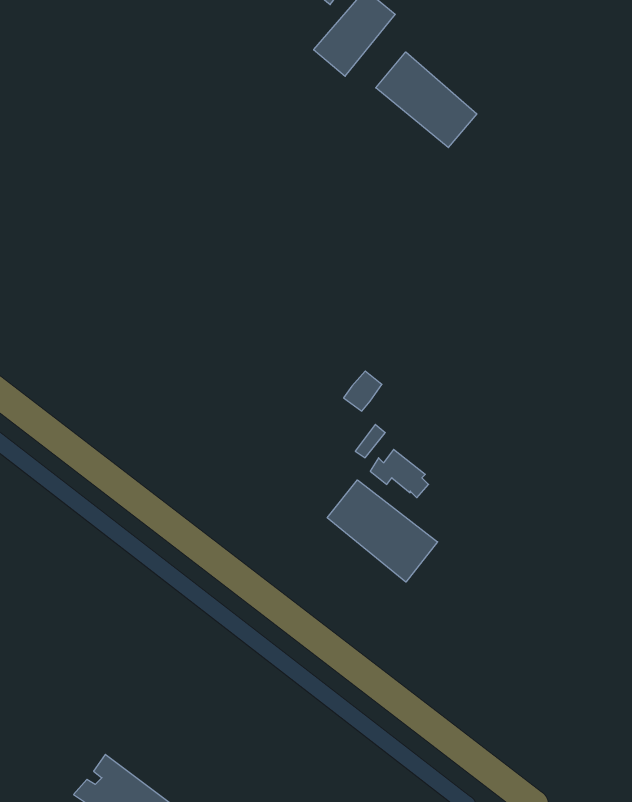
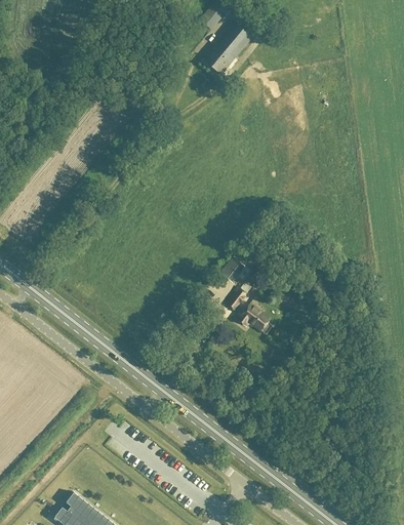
building: [376,52,477,148] -> none
building: [327,480,438,582] -> none

